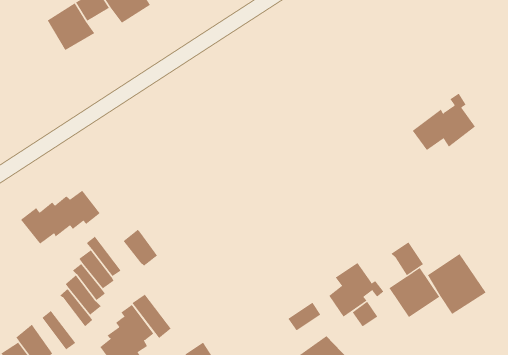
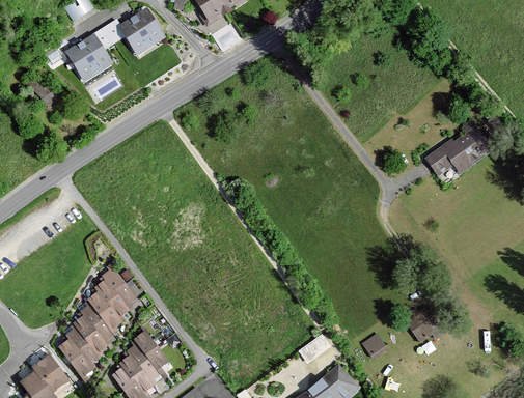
building: [20,190,101,245] -> none
building: [123,229,158,267] -> none
building: [391,241,424,276] -> none
building: [427,253,486,315] -> none
building: [329,262,384,317] -> none
building: [132,294,172,339] -> [65,325,105,370]

